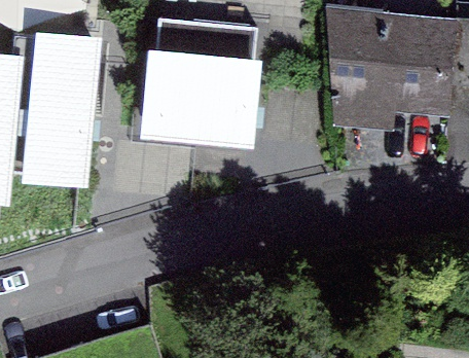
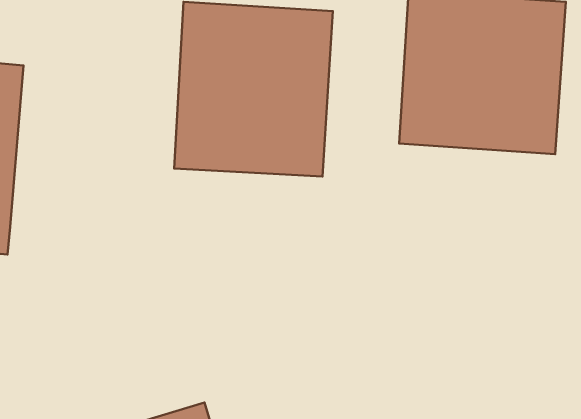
building: [15,32,102,189] -> none

